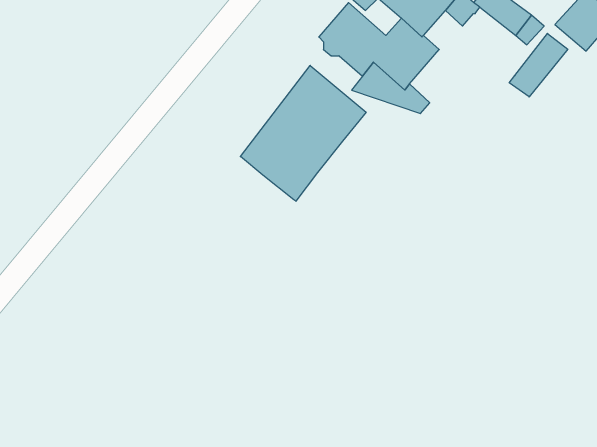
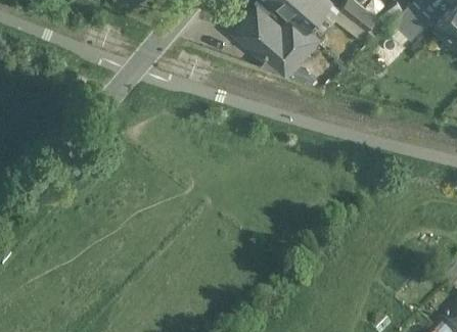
building: [509,33,568,97] -> none
building: [240,65,366,201] -> none

